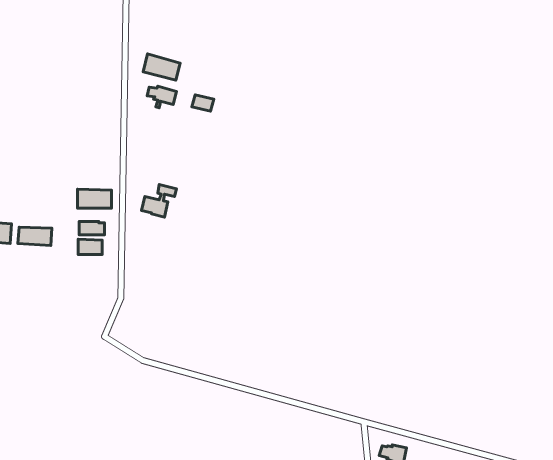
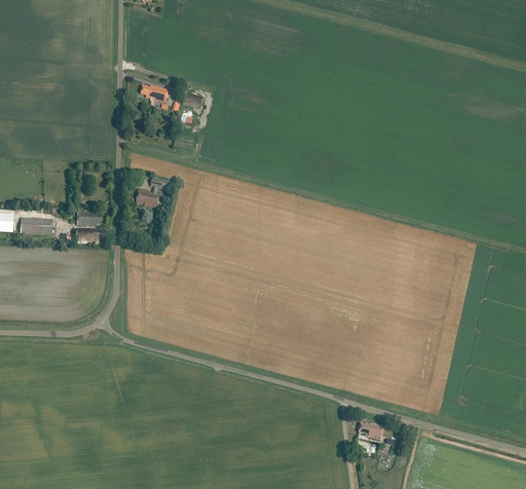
building: [143,54,180,80] -> none
building: [77,189,111,208] -> none

